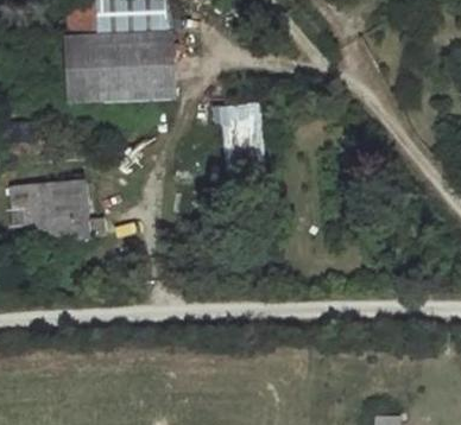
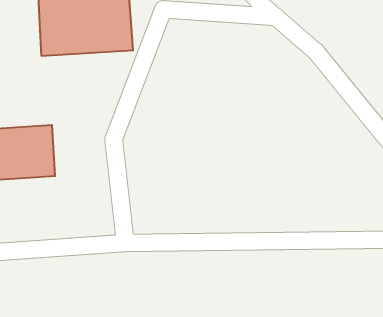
building: [222,109,261,152] -> none

